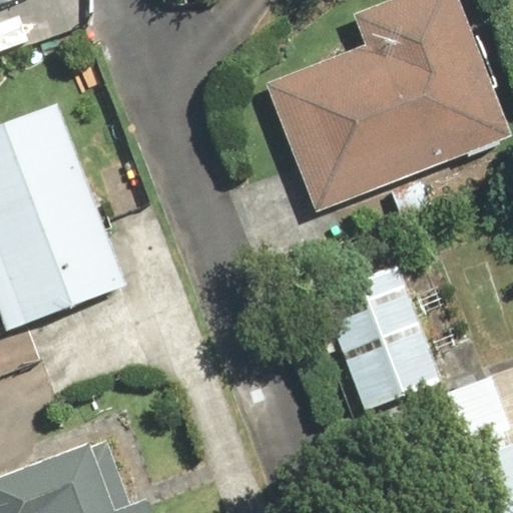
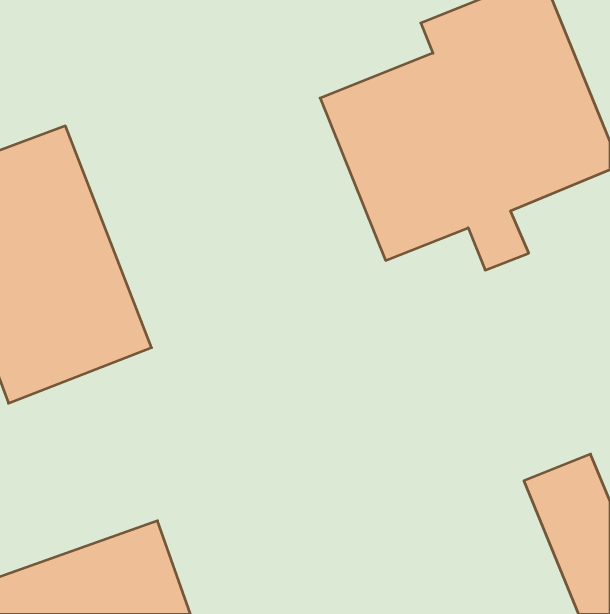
building: [322,259,441,406] -> none

